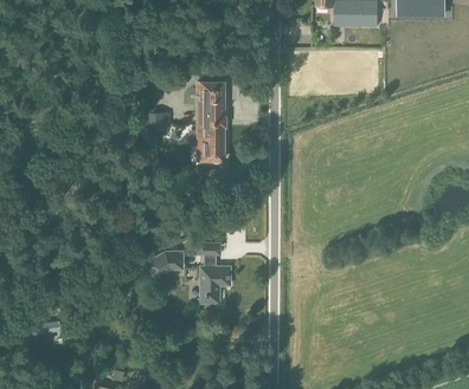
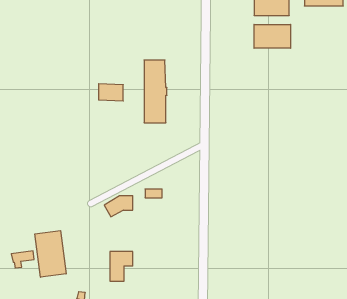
building: none -> [254,24,291,48]
building: [201,267,230,304] -> [110,252,133,281]
building: none -> [35,231,66,277]

